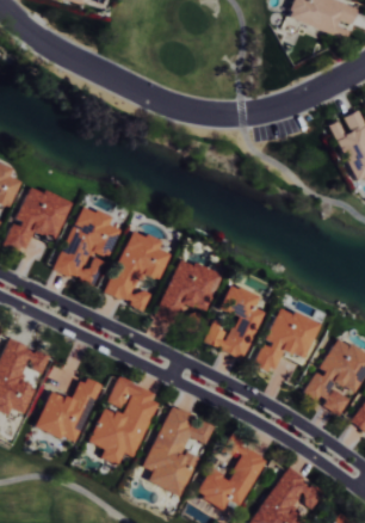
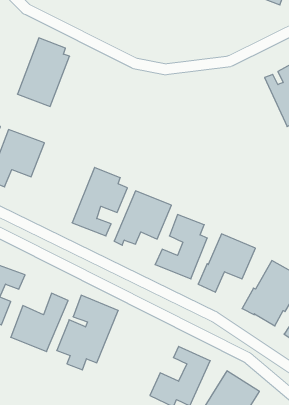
building: [56,205,117,285] -> [17,38,70,106]
building: [142,405,214,497] -> none

